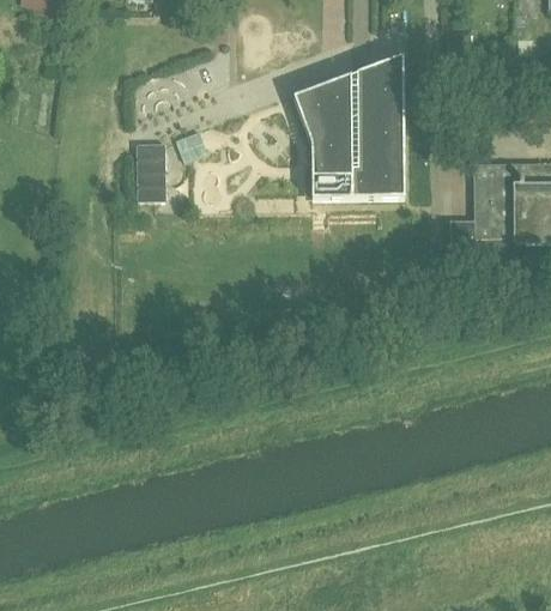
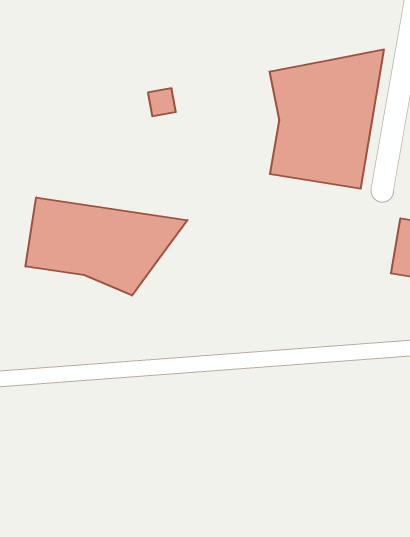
building: [135,143,165,200] -> none
building: none -> [26,197,188,296]

